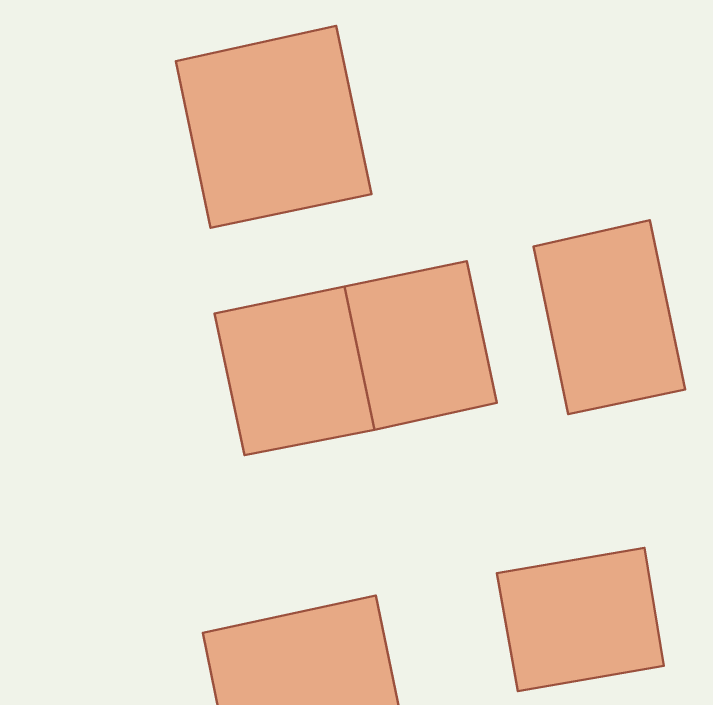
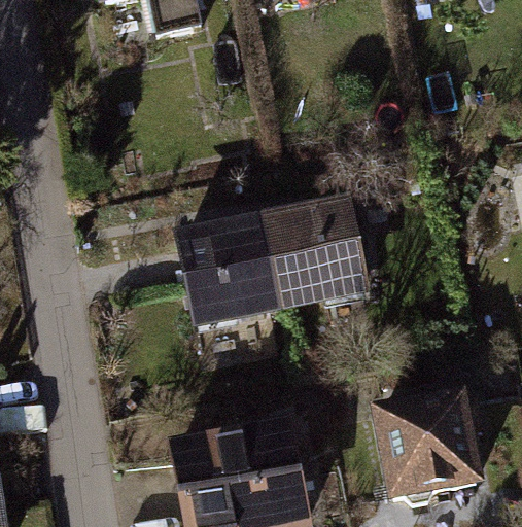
building: [176,26,371,228] -> none
building: [533,220,685,414] -> none

